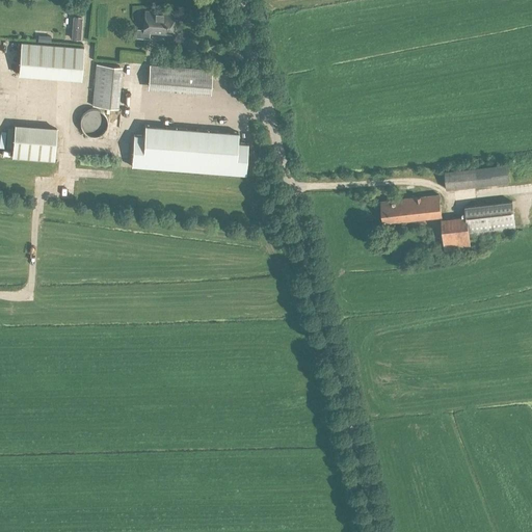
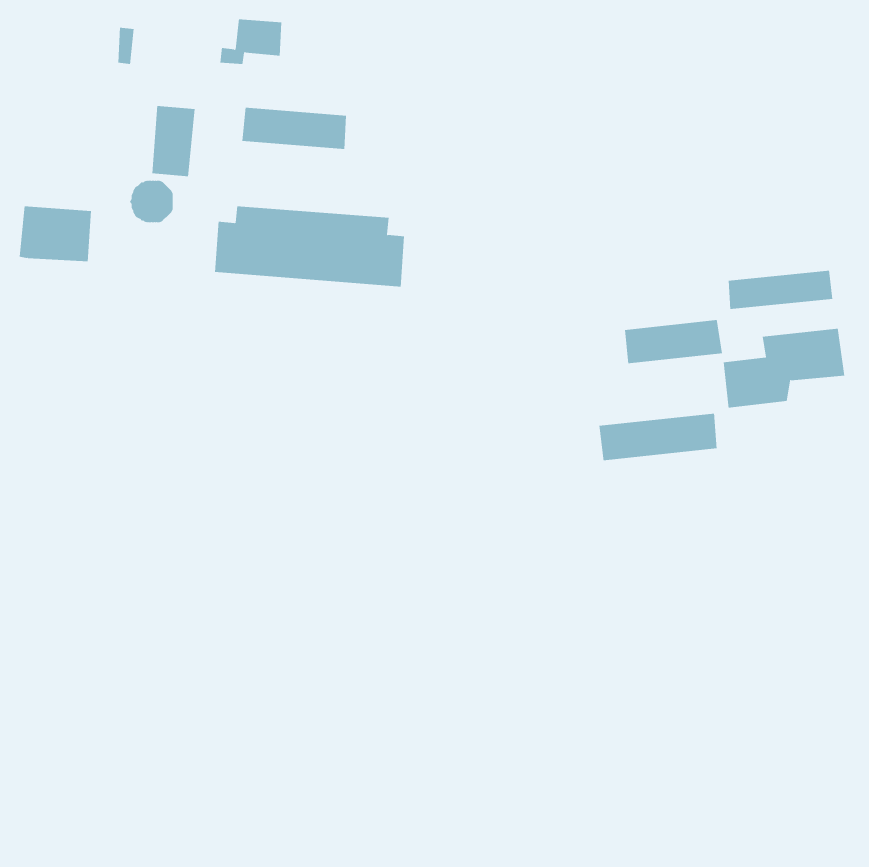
building: [19,44,83,80] -> none
building: none -> [599,413,717,461]

